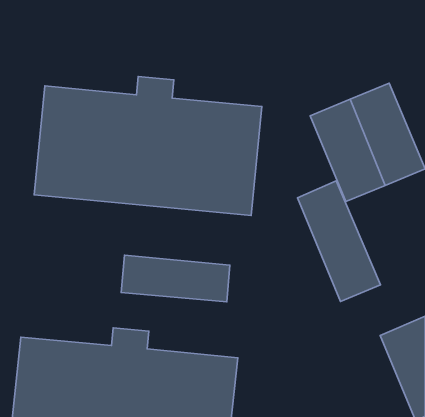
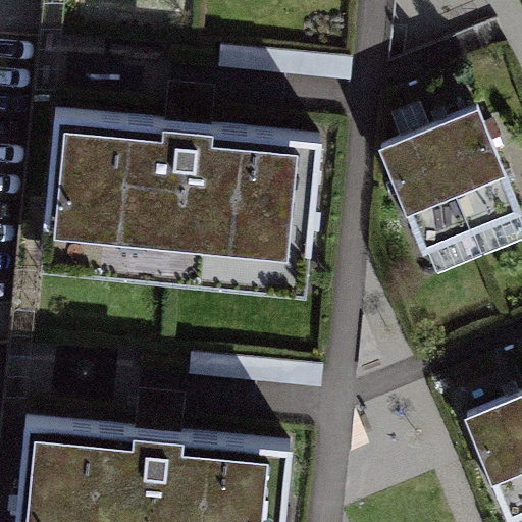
building: [297,181,381,302] -> none
building: [121,255,230,302] -> none

